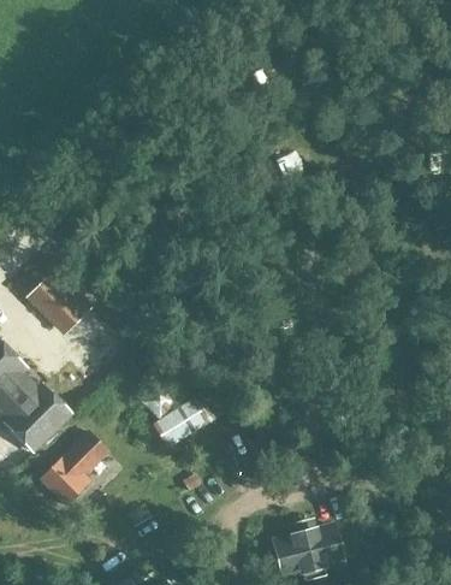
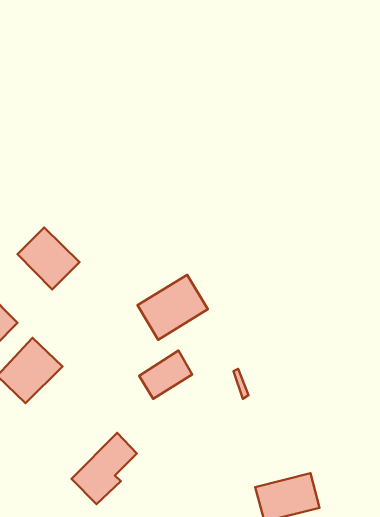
building: none -> [138,275,208,340]
building: [40,431,108,506] -> [71,433,137,504]

